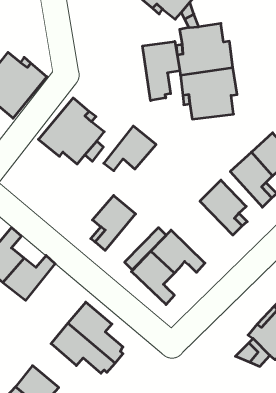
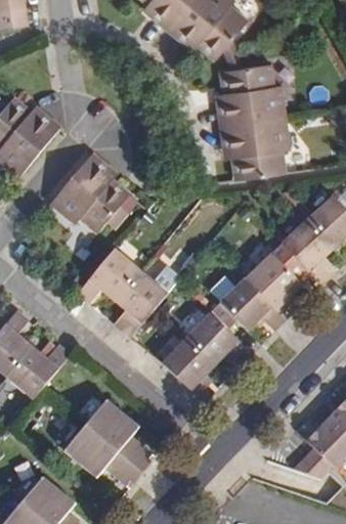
building: [143,41,180,101] -> none
building: [104,126,156,171] -> [77,249,140,303]
building: none -> [213,278,285,331]

